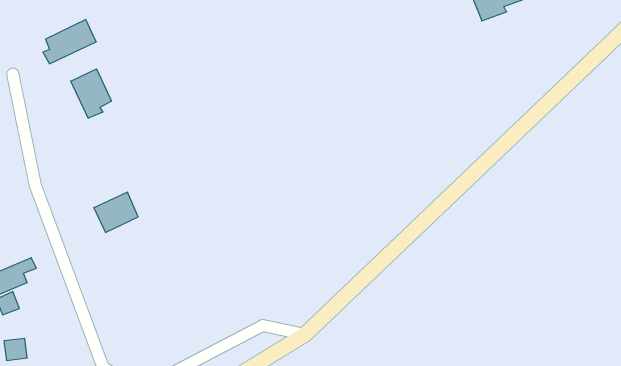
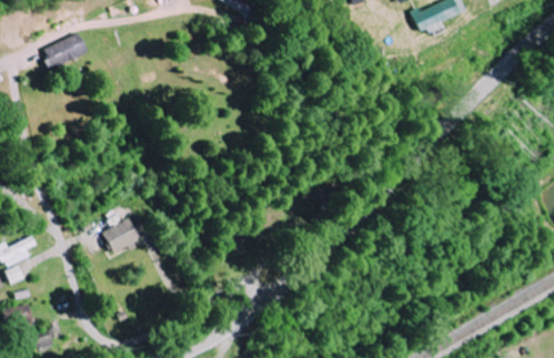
building: [71,69,111,118] -> none
building: [94,192,138,232] -> [103,219,141,254]

